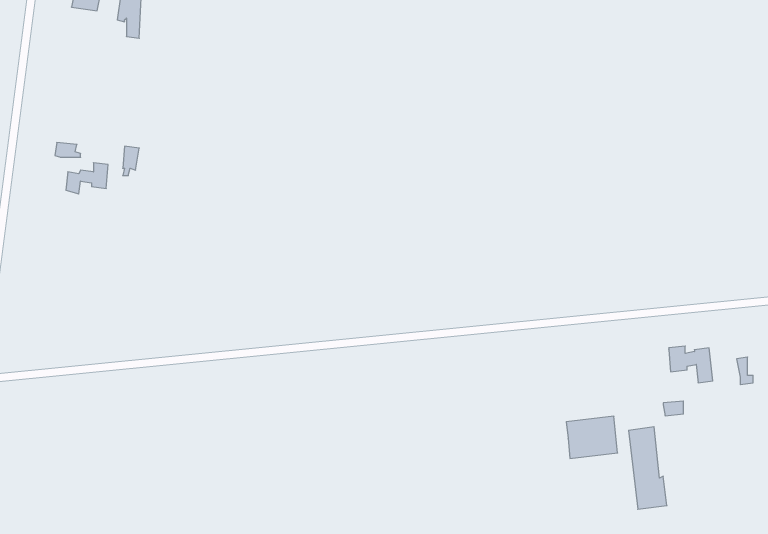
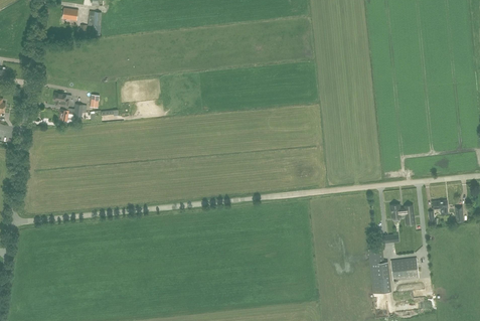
building: [566,416,618,458] -> [389,259,418,282]

